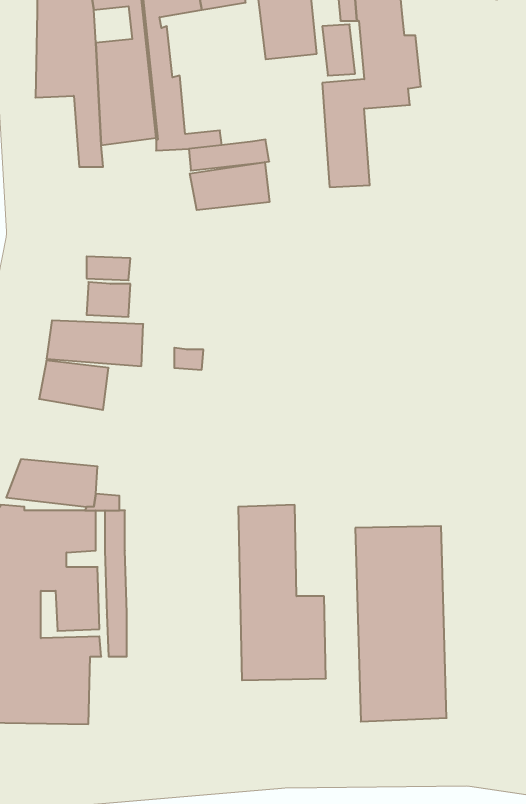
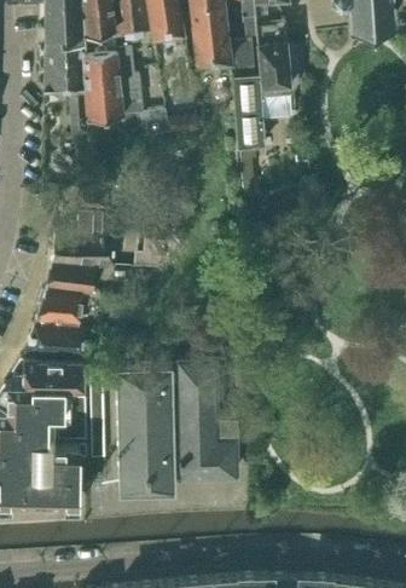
building: [190,162,269,210] -> none
building: none -> [37,292,83,333]
building: [355,526,447,722] -> [116,365,176,495]

